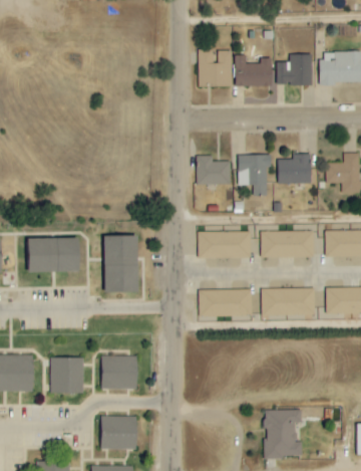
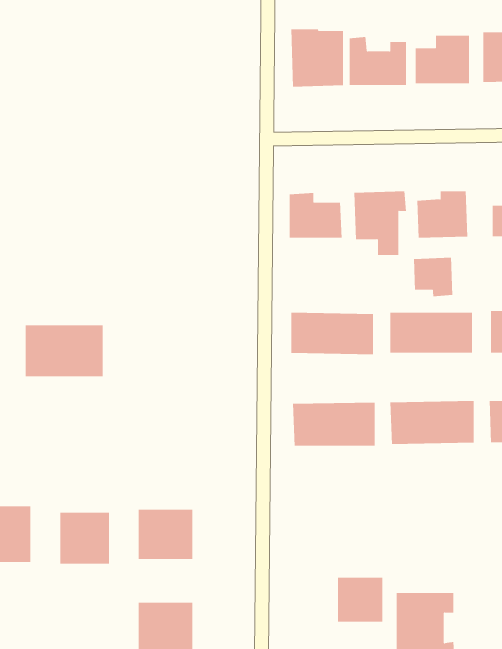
building: none -> [414,257,453,297]
building: [104,237,137,292] -> none
building: none -> [337,577,383,623]

